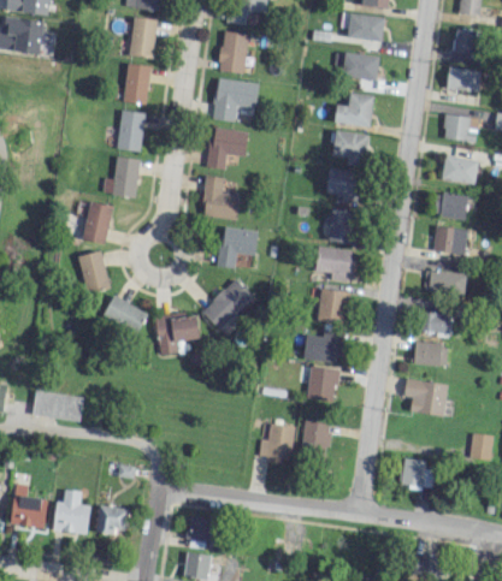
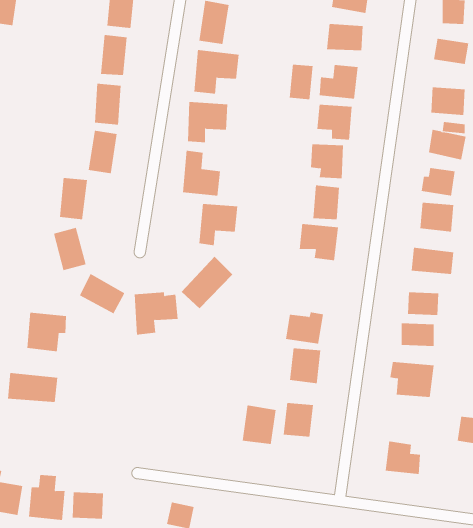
building: none -> [289,64,313,100]
building: [318,290,349,324] -> none
building: none -> [27,312,67,352]

